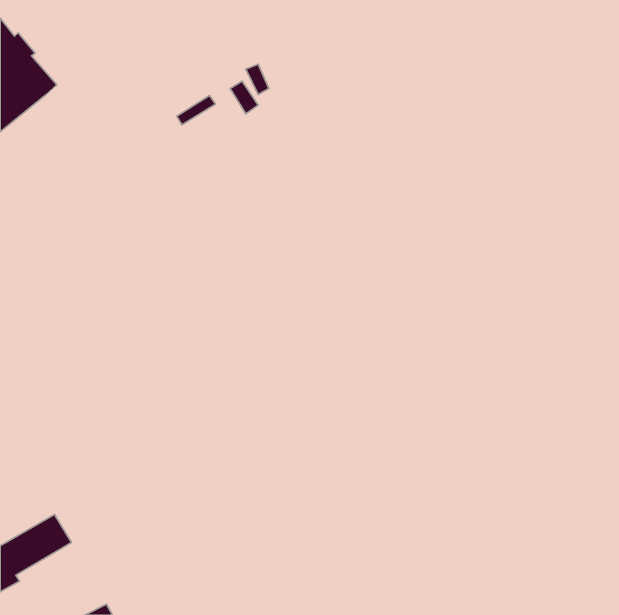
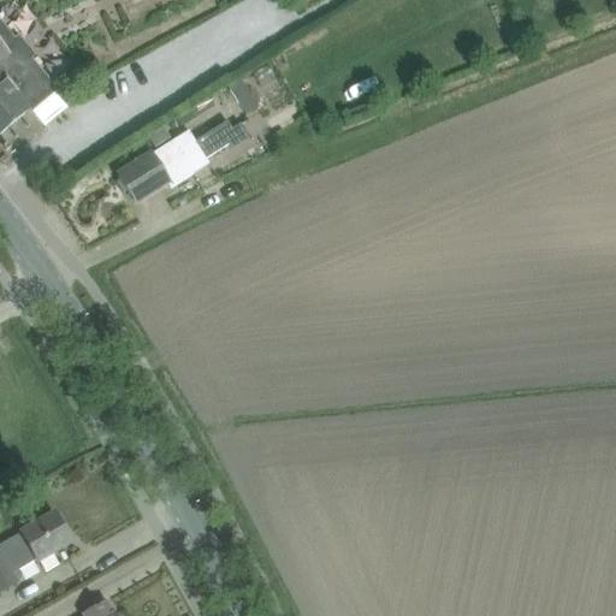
building: none -> [118,119,238,201]

